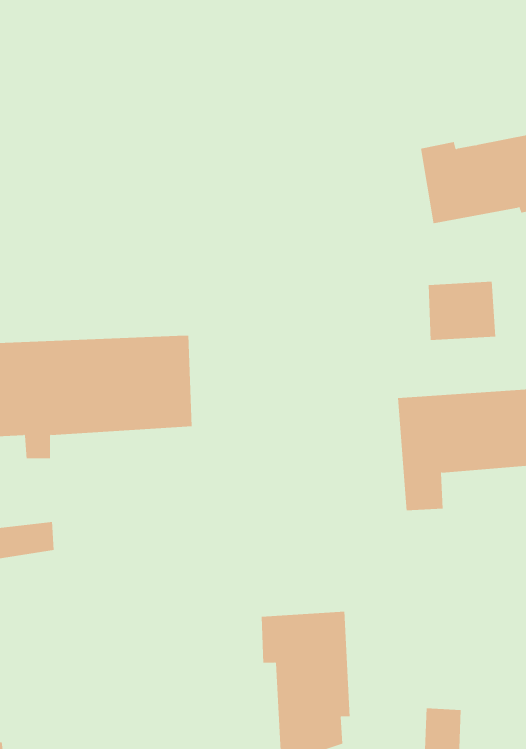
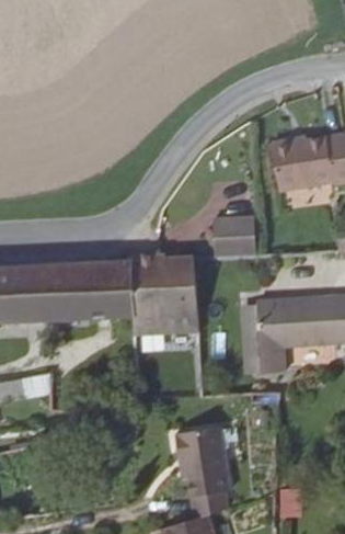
building: [428,281,496,340] -> [216,218,257,254]
building: none -> [130,253,198,333]

